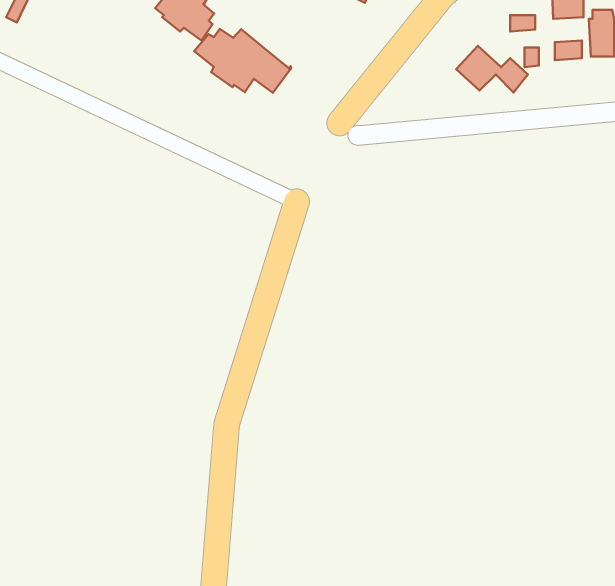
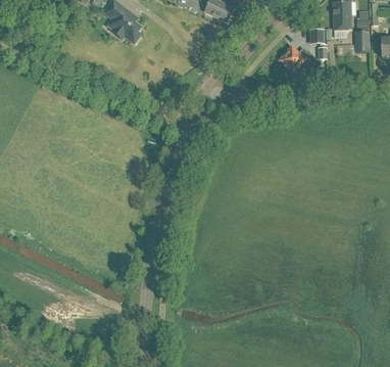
building: [194,29,291,93] -> none

